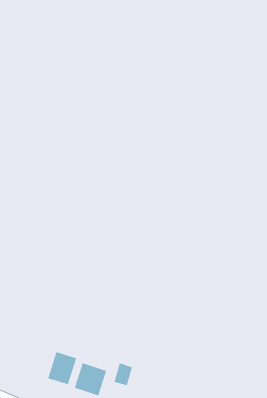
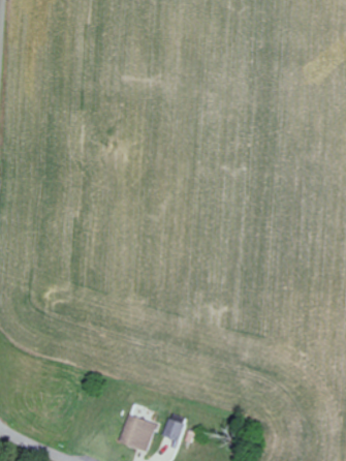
building: [47,351,77,385] -> none

